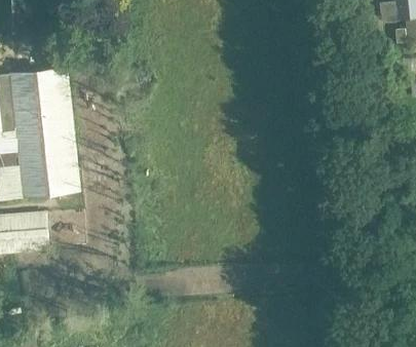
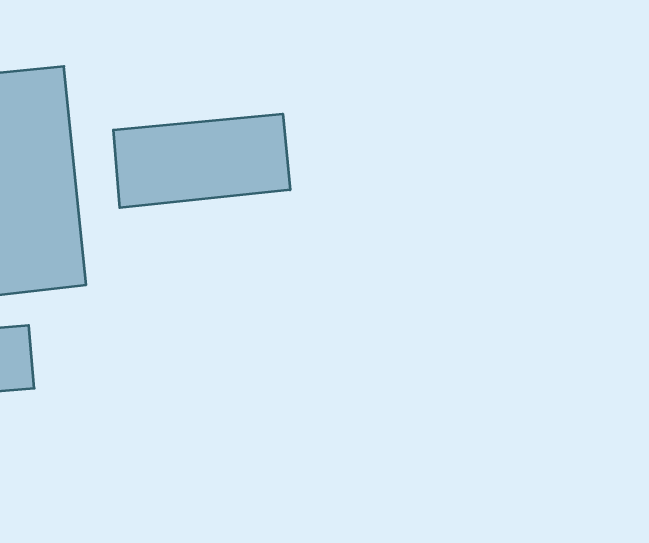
building: none -> [113,114,290,208]

